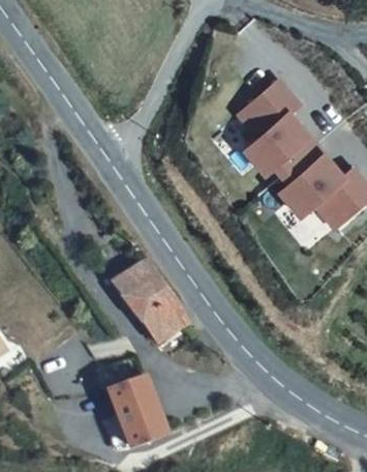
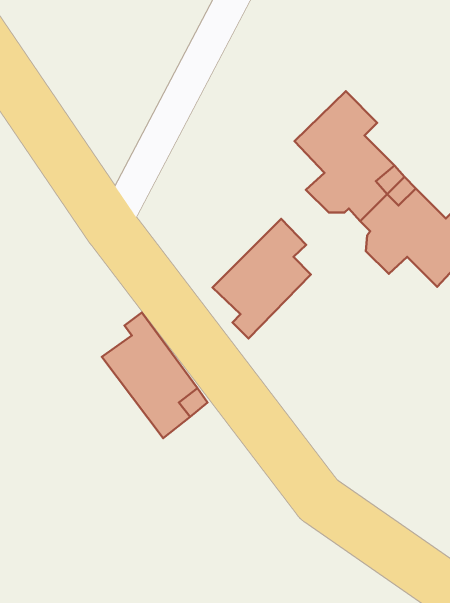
building: none -> [212,219,311,338]
building: [99,371,157,451] -> none

